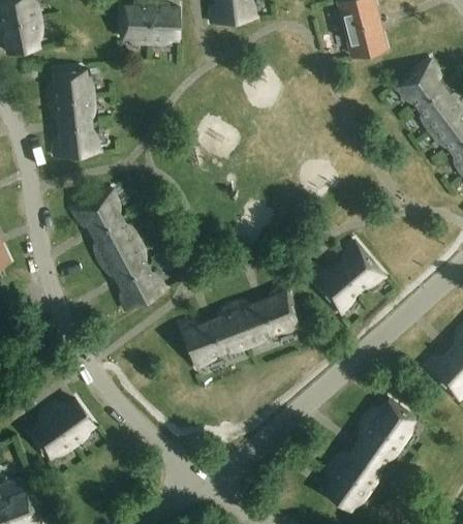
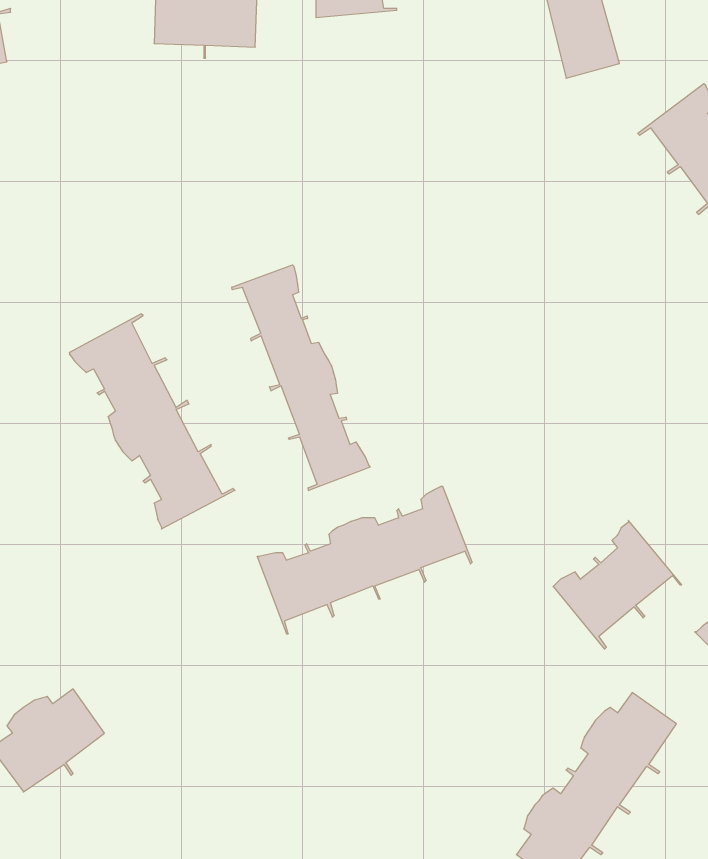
building: [51,70,102,158] -> none
building: none -> [232,265,370,491]
building: [314,244,387,316] -> [553,520,682,649]

